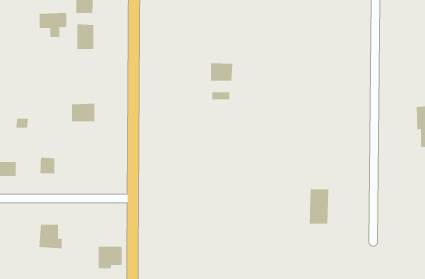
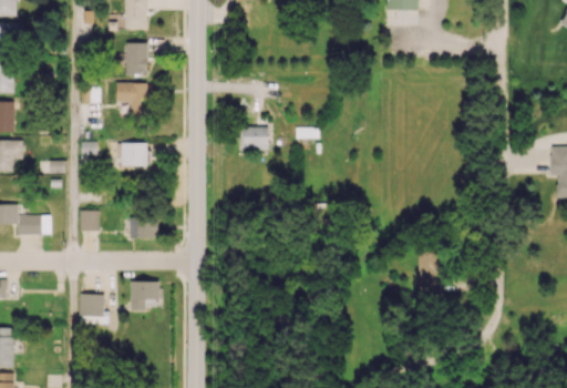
building: [39,13,67,37] -> [115,82,151,113]
building: [210,63,233,81] -> [239,126,268,150]
building: none -> [128,217,157,238]
building: [98,246,122,269] -> [128,282,159,310]

